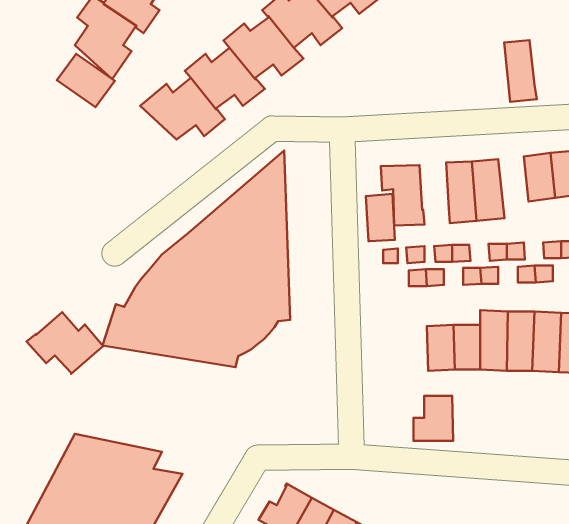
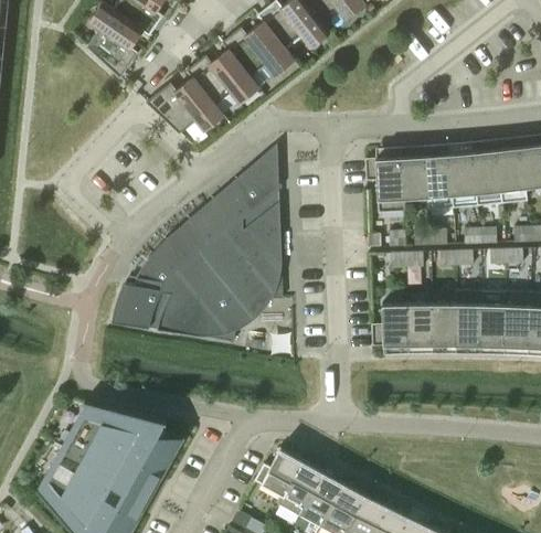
building: [504,40,537,102] -> [473,150,502,206]
building: [57,54,115,107] -> none
building: [366,194,395,241] -> [401,156,427,199]
building: [26,312,103,374] -> none
building: [413,396,453,441] -> [372,305,409,345]

